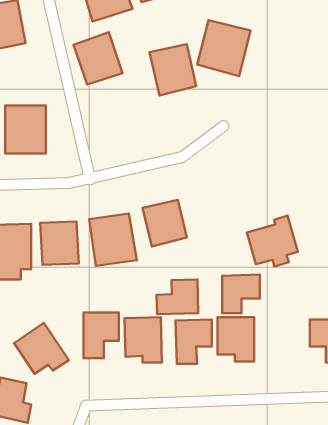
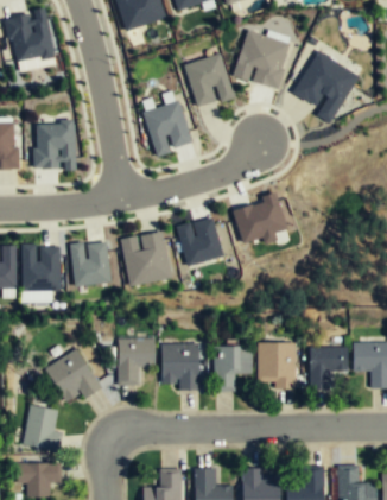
building: [74,32,122,85] -> [142,101,194,156]
building: none -> [296,51,360,124]
building: [247,215,298,267] -> [234,191,287,245]
building: [222,275,260,313] -> [310,348,349,388]
building: [157,279,198,314] -> none

